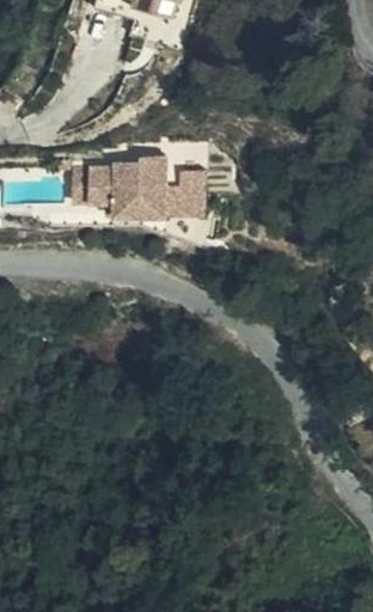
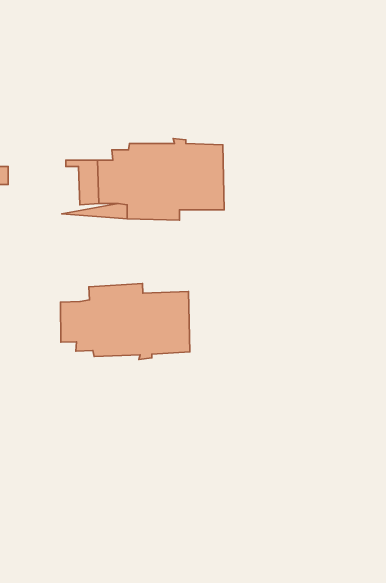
building: none -> [61,284,190,359]

